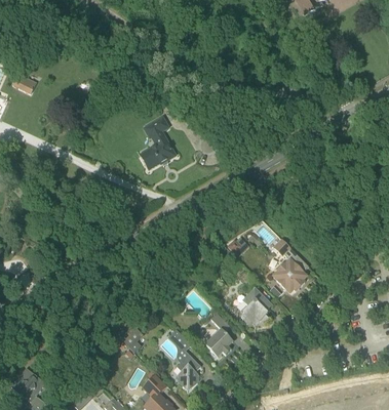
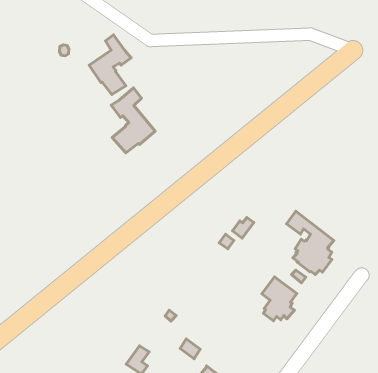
building: none -> [89,35,131,95]
building: [204,313,232,357] -> none

